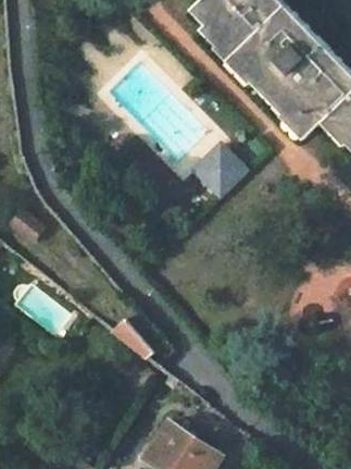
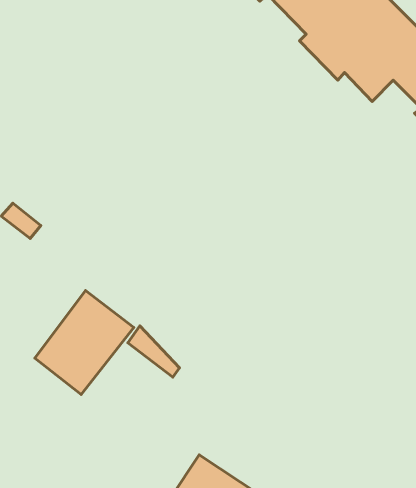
building: [196,146,246,195] -> none
building: none -> [35,291,134,394]

